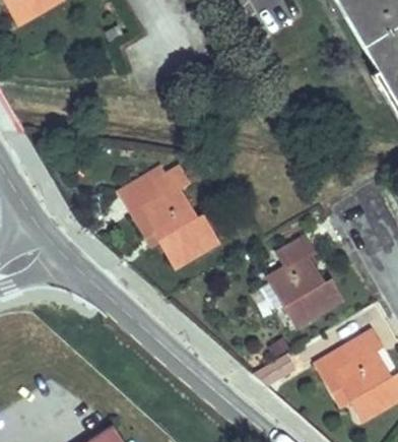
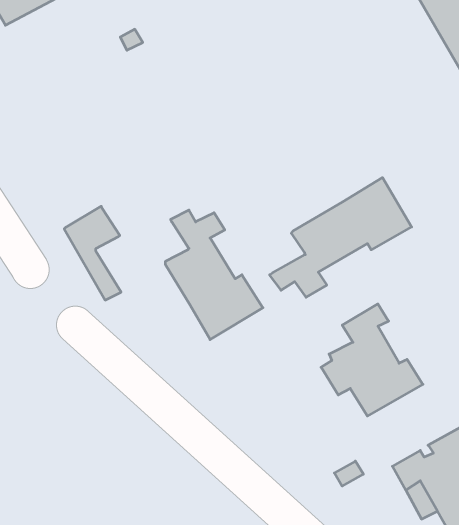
building: none -> [270,178,412,297]
building: [118,171,161,243] -> [64,206,121,300]

